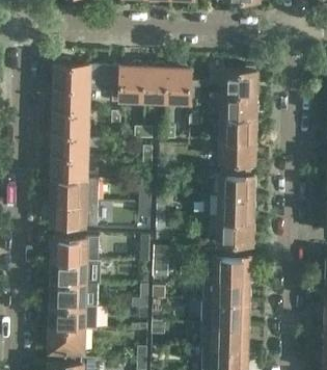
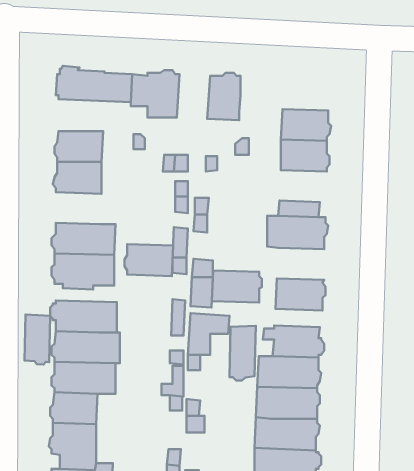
building: [143,65,168,101] -> none
building: [220,68,257,95] -> none
building: [53,86,109,110] -> none
building: [220,139,256,163] -> none
building: [51,156,87,180] -> [124,244,173,276]
building: [218,197,255,221] -> [212,270,262,302]
building: none -> [25,314,50,365]
building: none -> [229,326,256,380]

